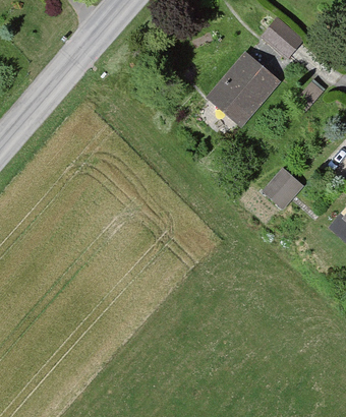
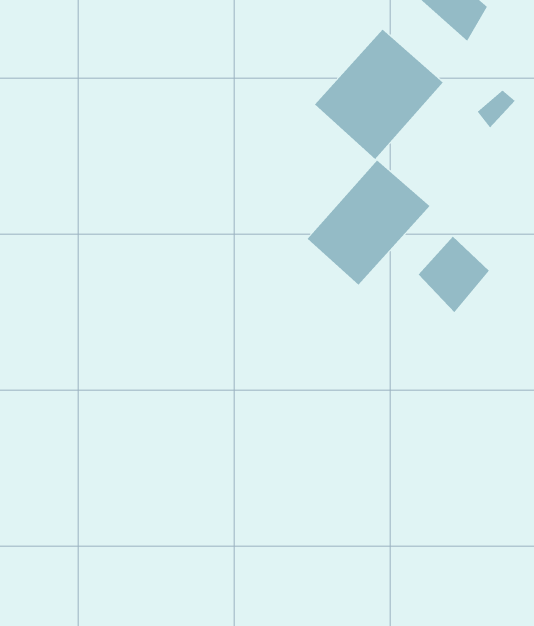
building: none -> [307,160,431,286]

